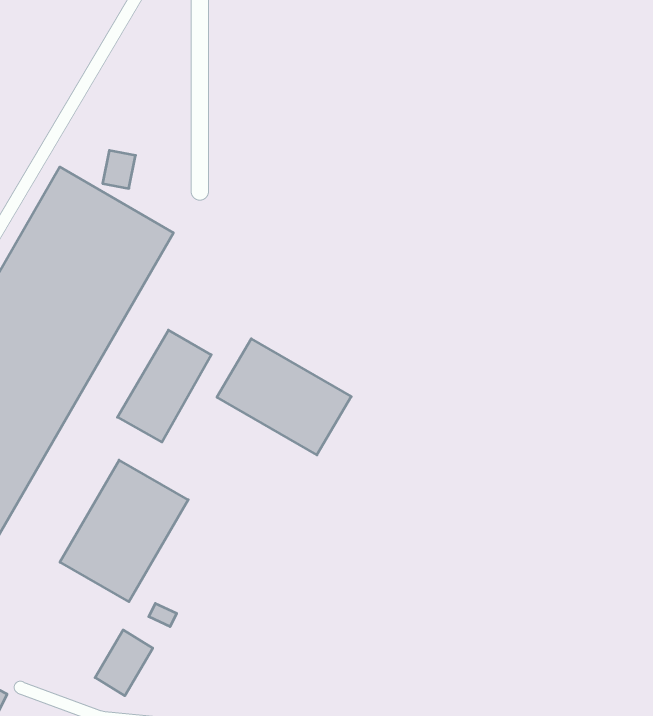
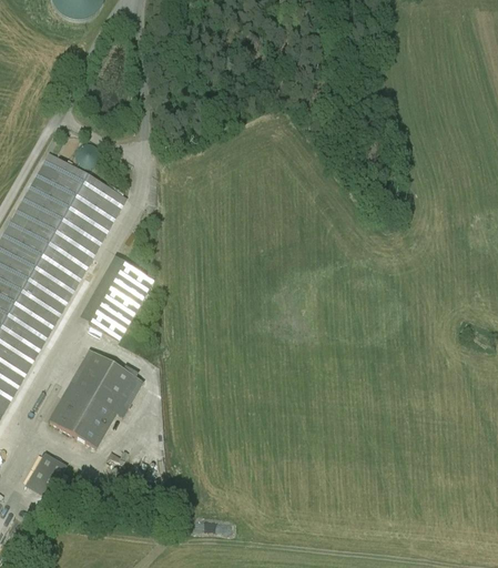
building: [217,339,351,455] -> none
building: [95,630,153,696] -> [27,454,65,498]

